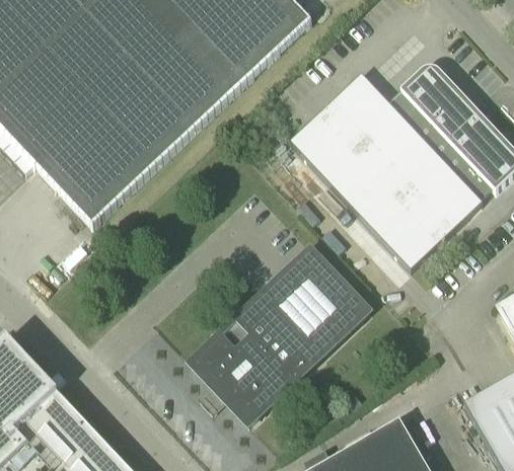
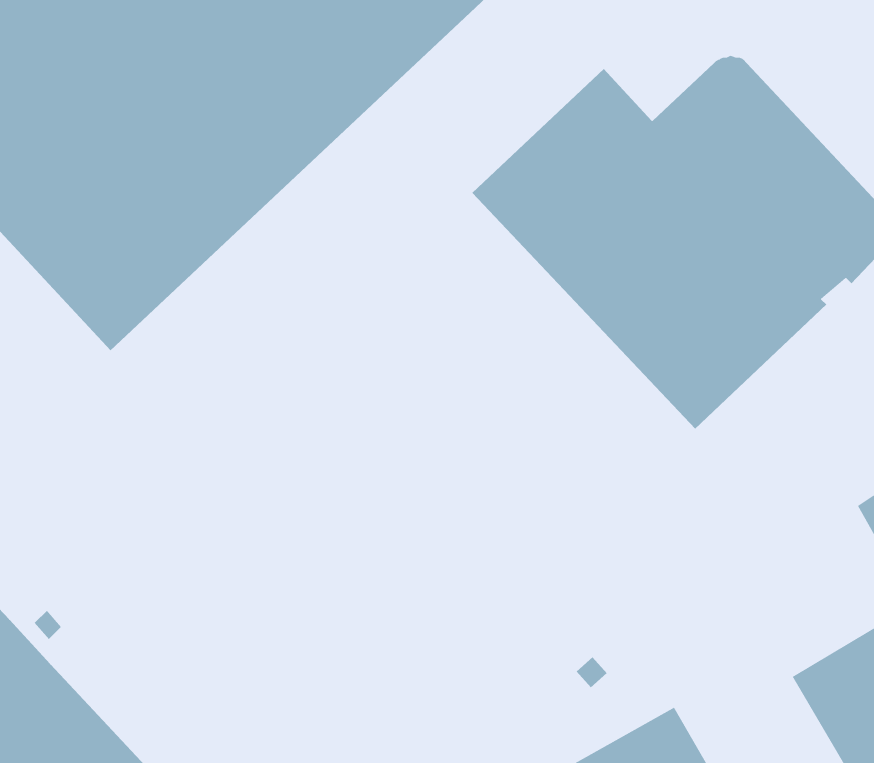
building: [192,248,367,421] -> none

